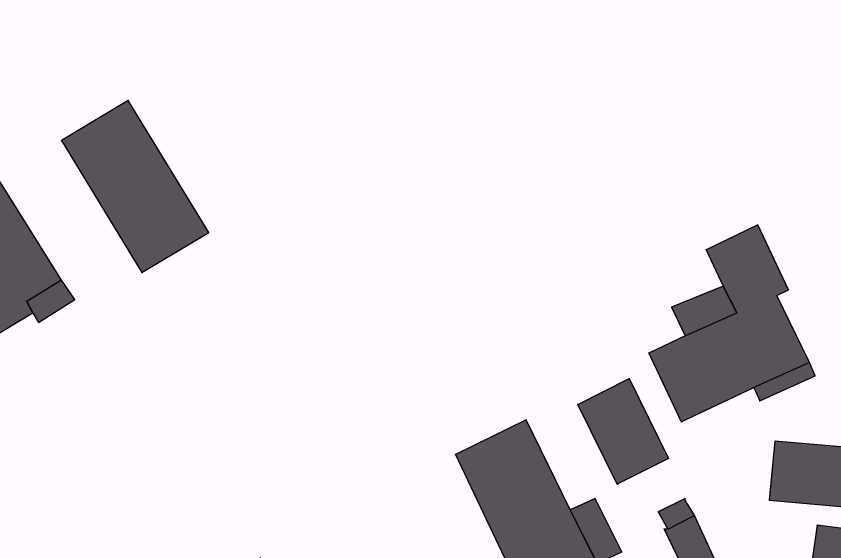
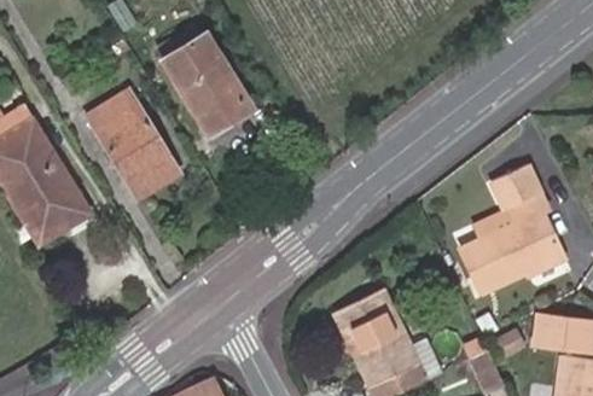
building: none -> [162,35,249,138]
building: [578,379,669,484] -> none

